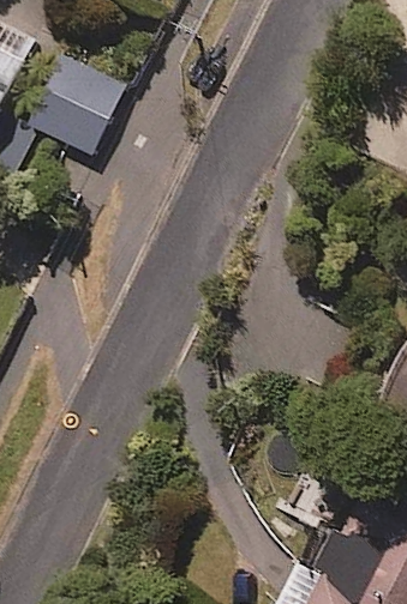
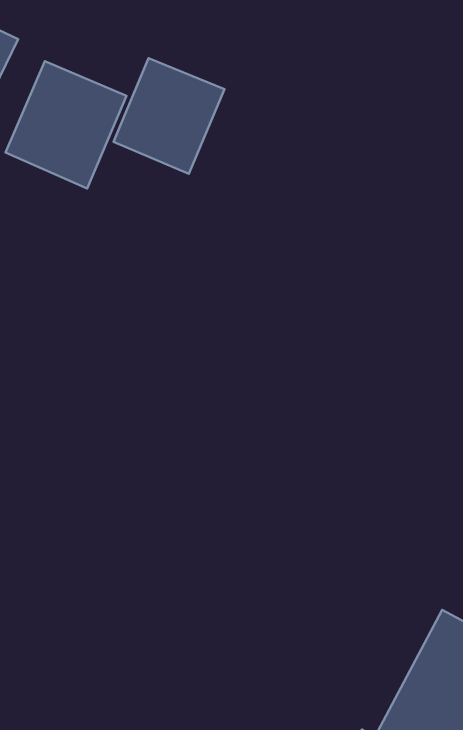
building: none -> [114,58,225,174]

